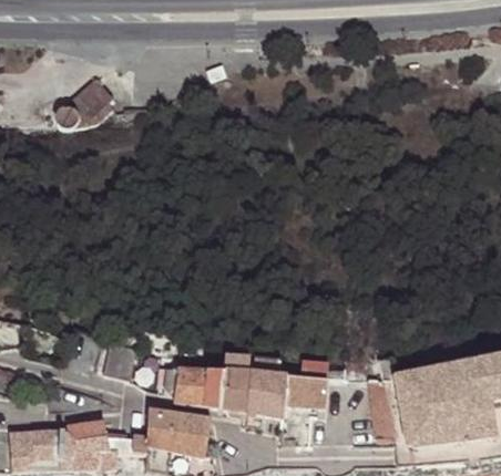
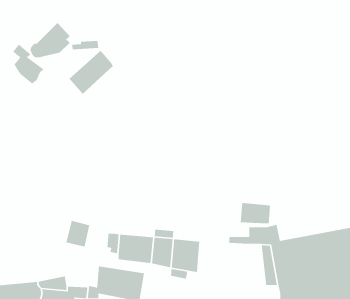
building: none -> [12,42,45,85]
building: none -> [68,50,114,95]
building: [285,375,327,405] -> [240,202,271,224]

